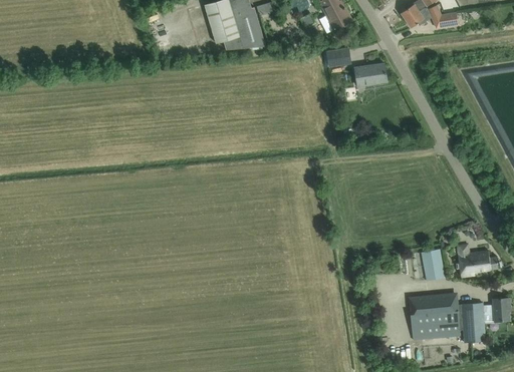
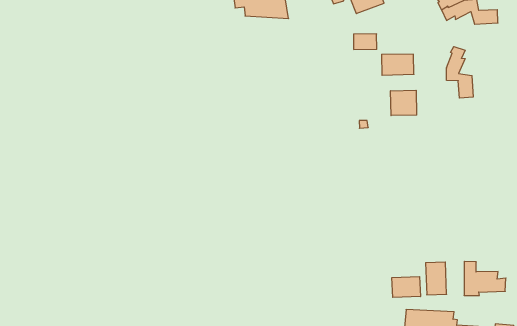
building: none -> [447,47,473,98]
building: none -> [391,90,417,116]
building: none -> [392,277,420,297]

